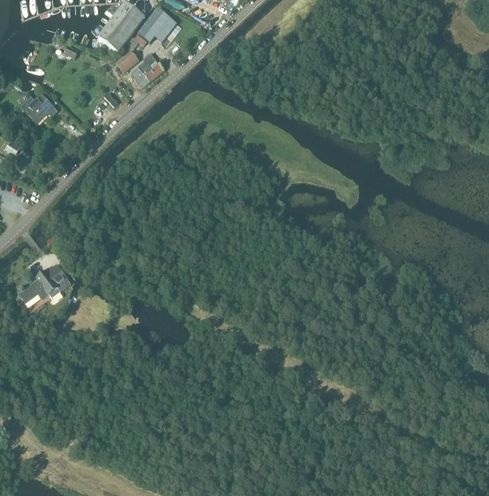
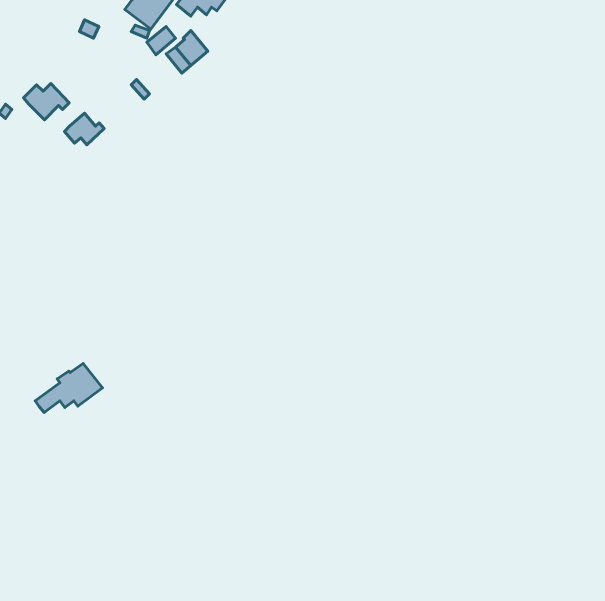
building: none -> [65,113,104,145]
building: [18,264,70,302] -> [35,363,102,413]

